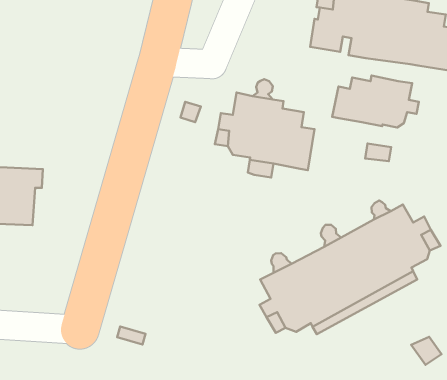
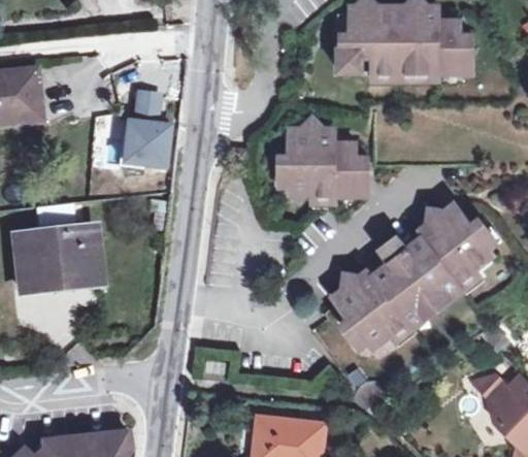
building: none -> [126,95,171,170]
building: [332,76,419,128] -> none

